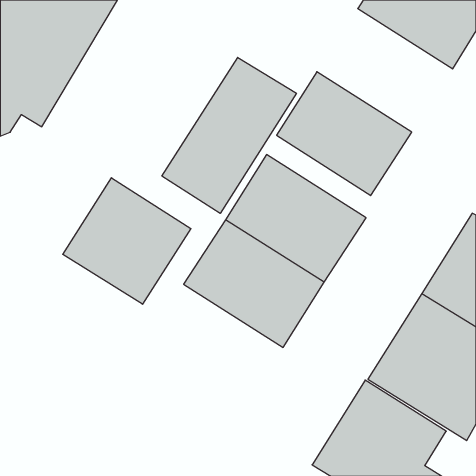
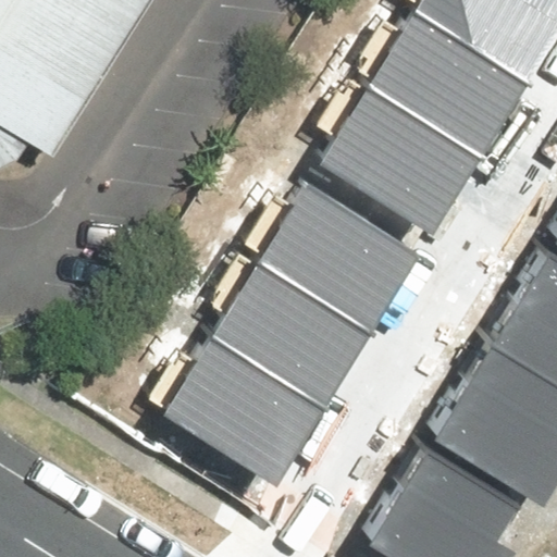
building: none -> [370,10,529,154]
building: [162,57,296,213] -> none
building: [63,178,191,304] -> none
building: none -> [166,332,331,481]

